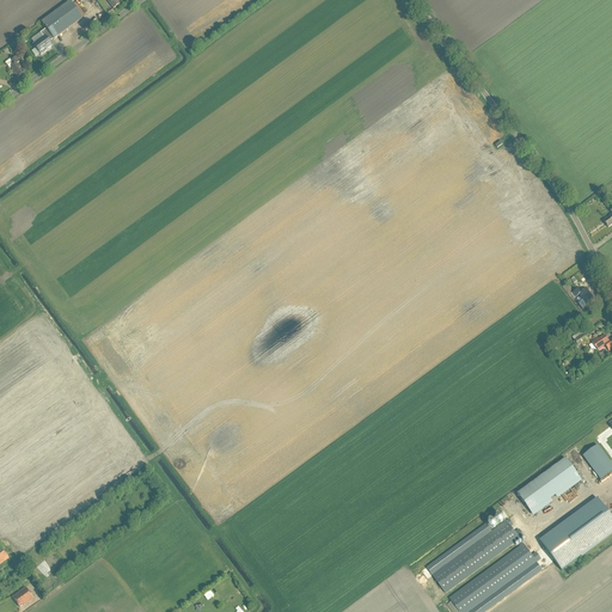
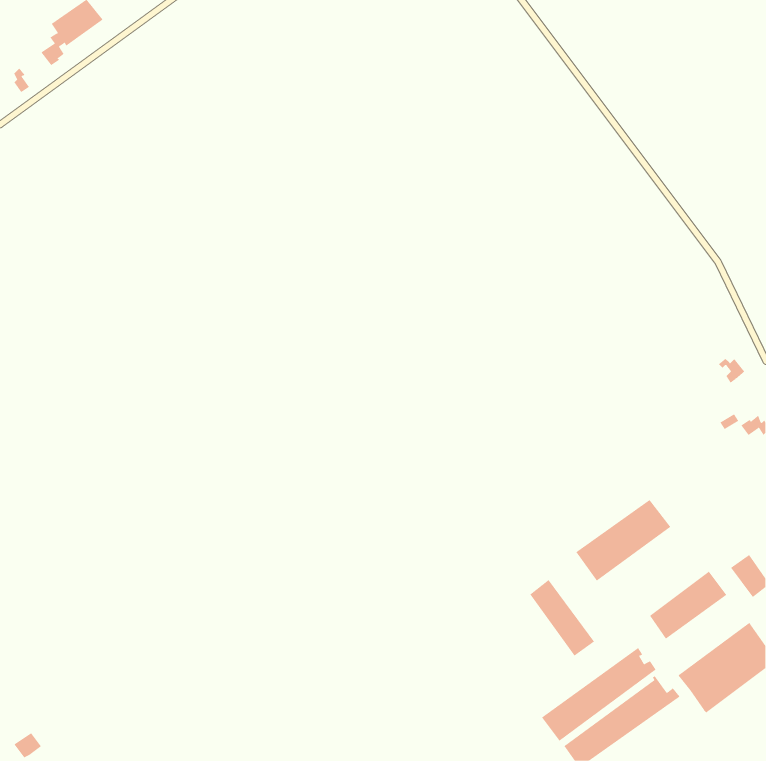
building: none -> [576,499,671,582]
building: none -> [530,579,595,656]

